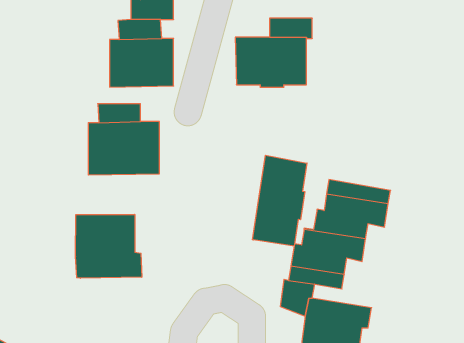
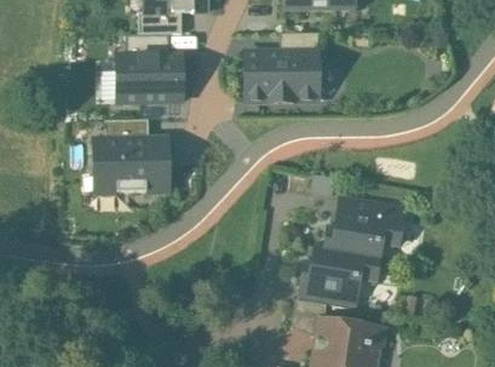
building: [252,155,307,246] -> none
building: [76,214,142,278] -> none

